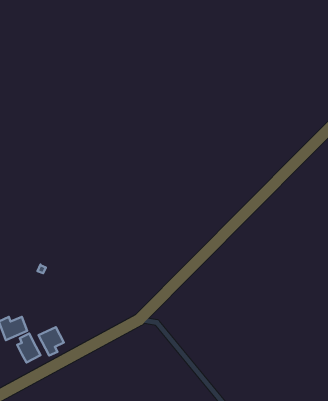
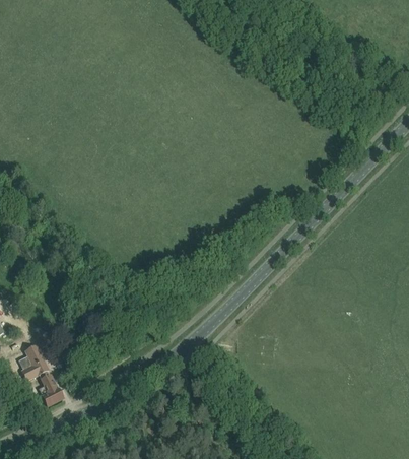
building: [38,327,64,356] -> none

